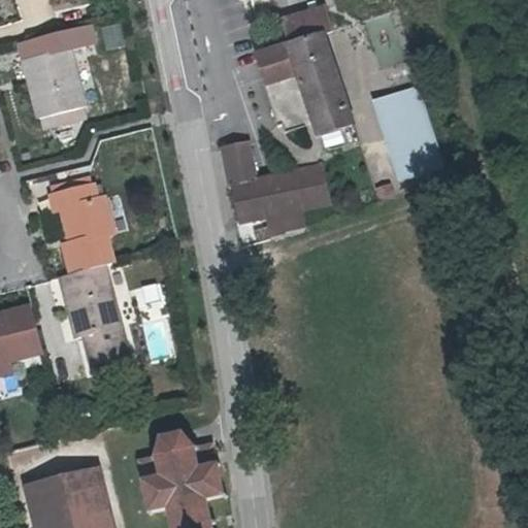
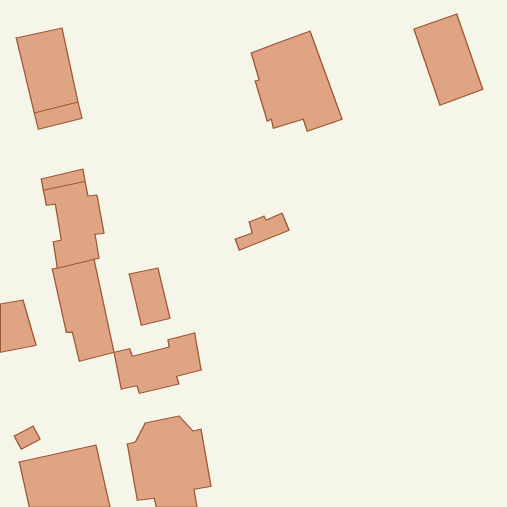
building: [282,5,330,44] -> none
building: [377,81,449,175] -> [414,14,483,105]
building: [221,152,327,224] -> none
building: none -> [114,333,201,393]

